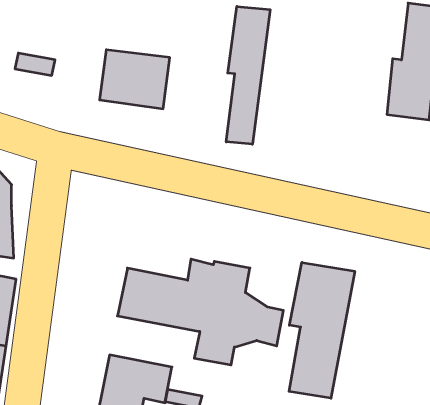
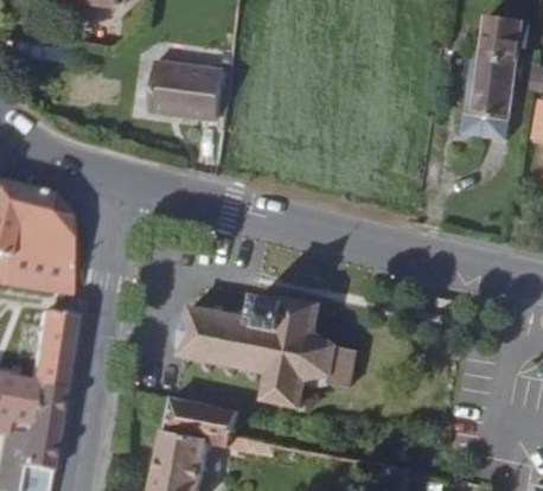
building: [226,6,270,144] -> none
building: [289,262,355,398] -> none

